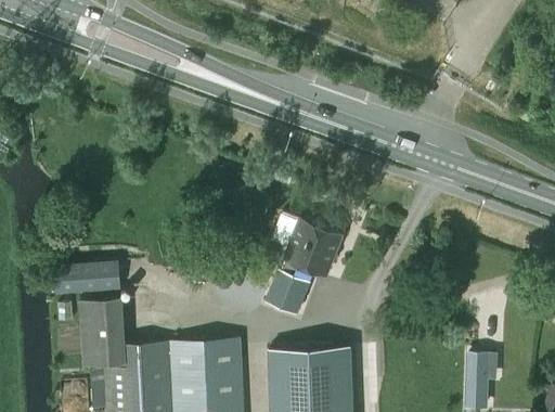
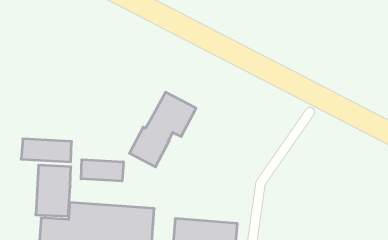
building: [260,220,341,321] -> [129,92,196,167]
building: none -> [81,160,123,181]

